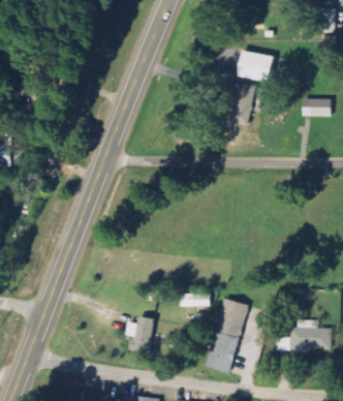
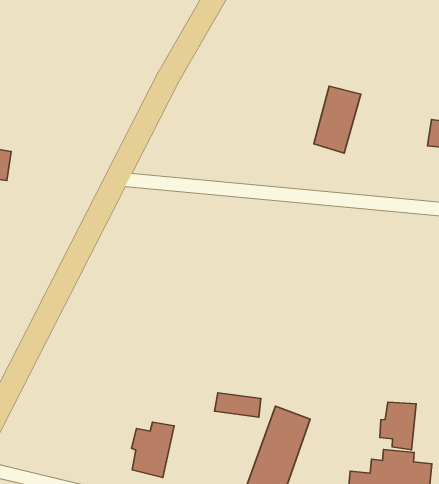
building: [241,52,277,82] -> none
building: none -> [380,402,416,450]

